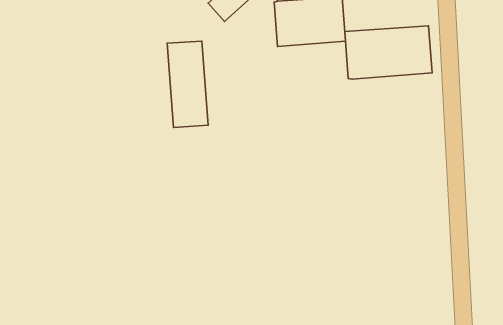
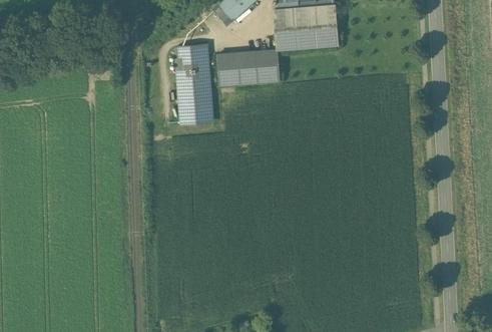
building: [345,26,432,79] -> none
building: none -> [216,49,279,85]

